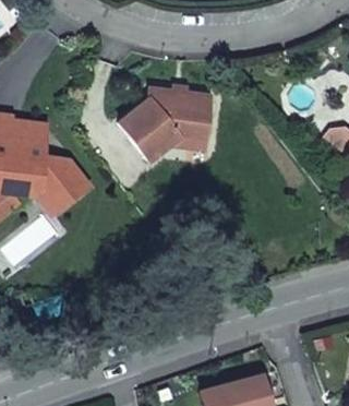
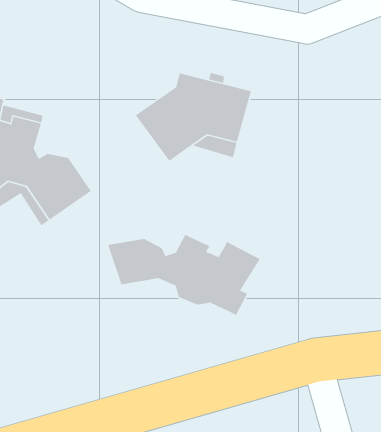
building: none -> [107,234,261,316]

